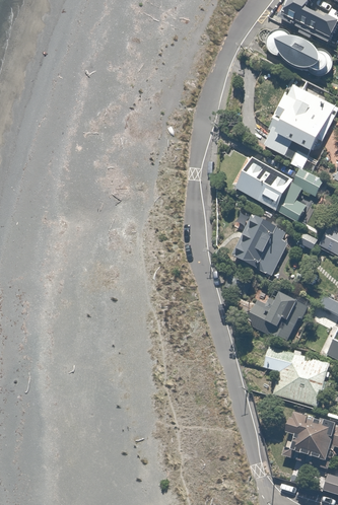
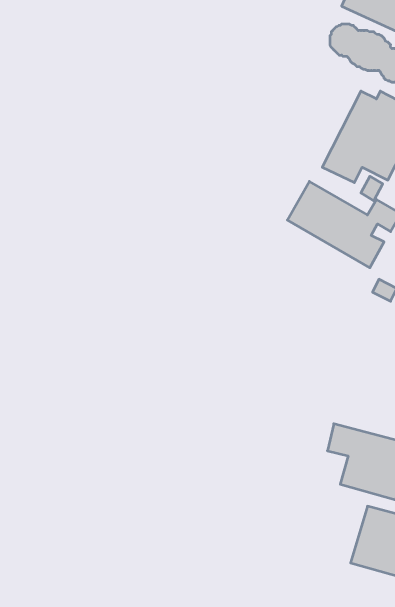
building: [232,216,287,273] -> none
building: [246,288,307,344] -> none

